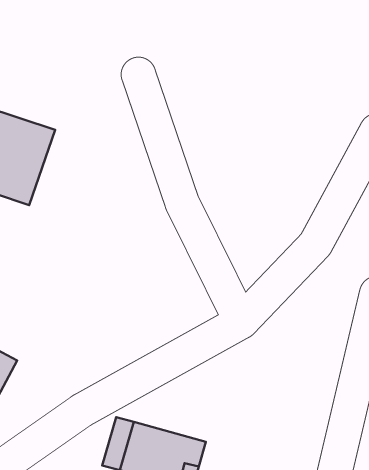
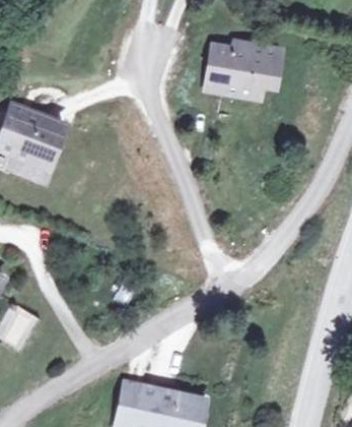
building: none -> [207,44,283,101]

